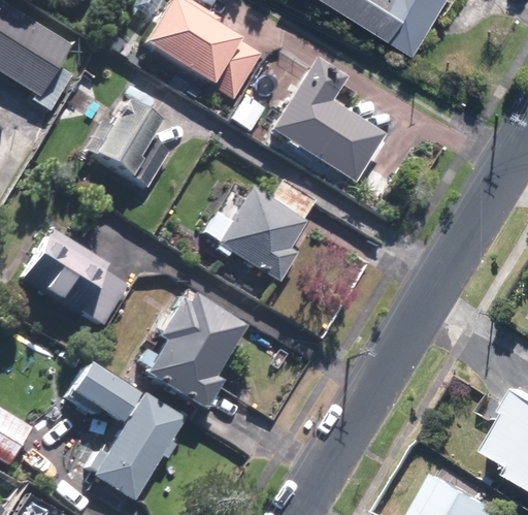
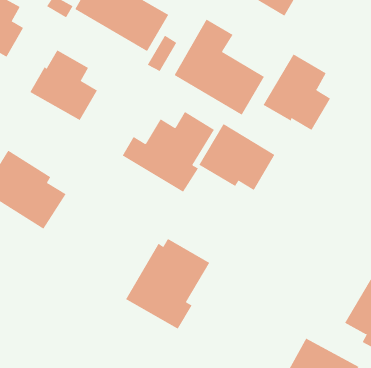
building: none -> [263,54,331,131]
building: none -> [198,123,275,191]
building: [134,294,243,412] -> [125,238,210,330]
building: [68,363,185,501] -> none

